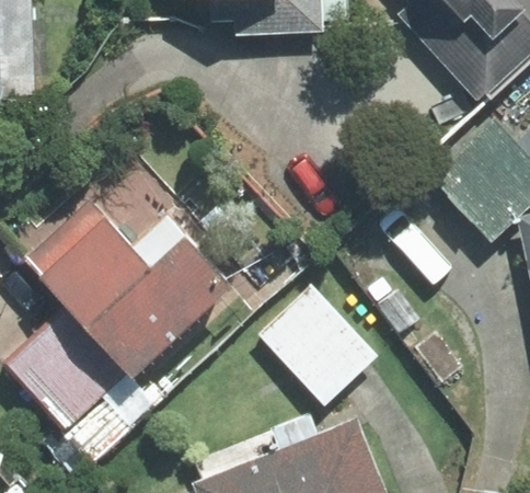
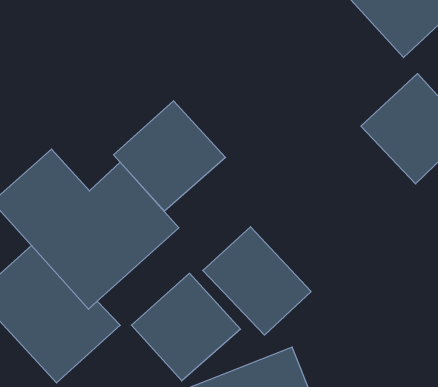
building: none -> [114,101,226,211]
building: none -> [131,273,241,381]

